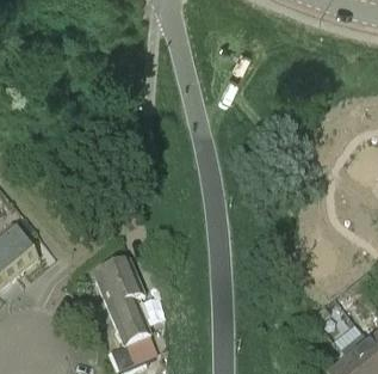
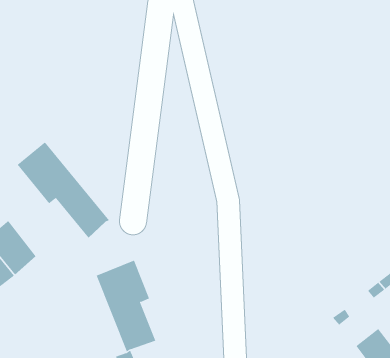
building: none -> [17,142,110,238]

